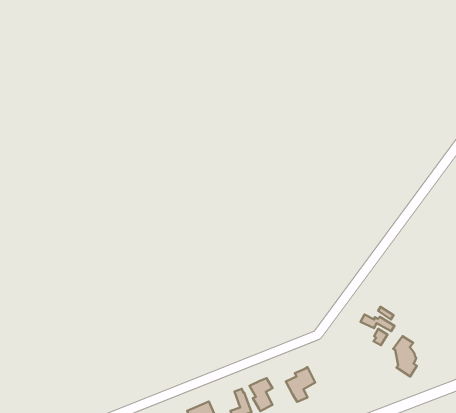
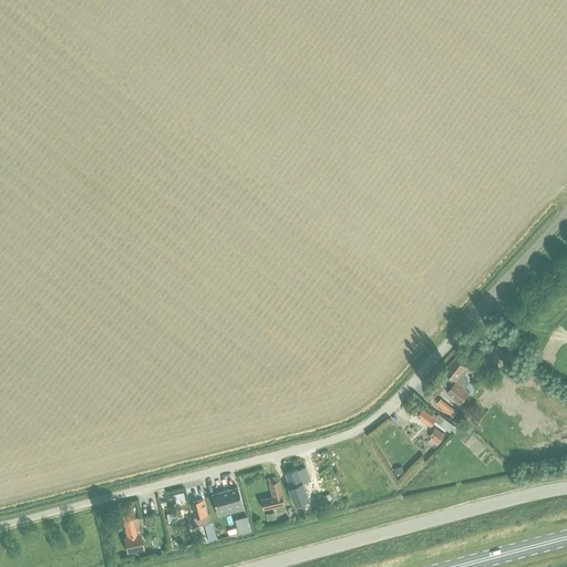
building: [393,336,417,377] -> [444,359,468,405]
building: [286,367,315,402] -> none

